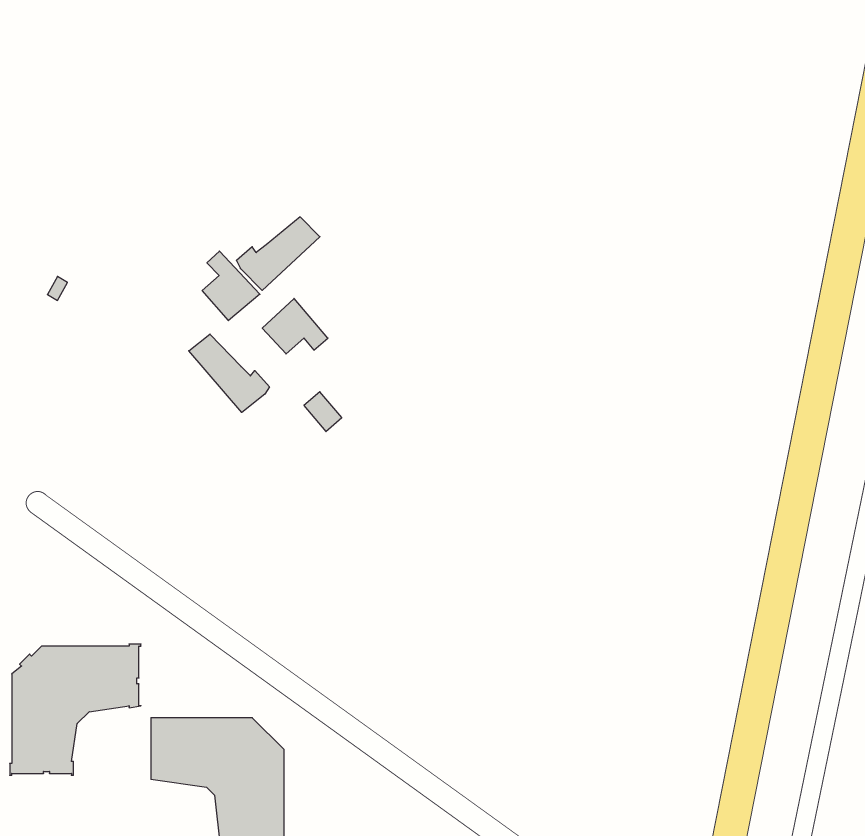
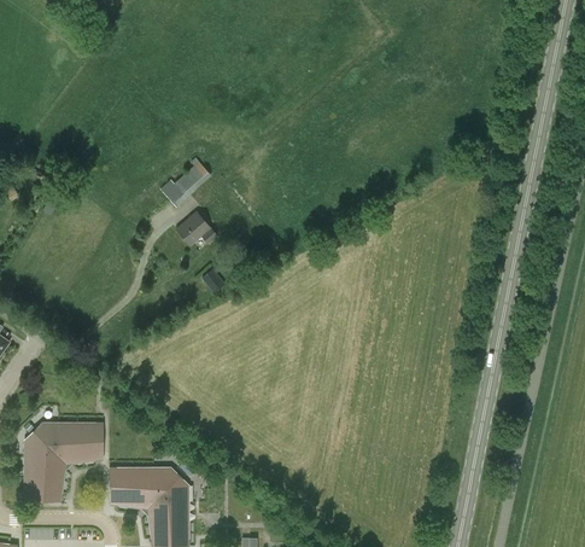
building: [202,251,260,321] -> none
building: [189,334,269,412] -> none

